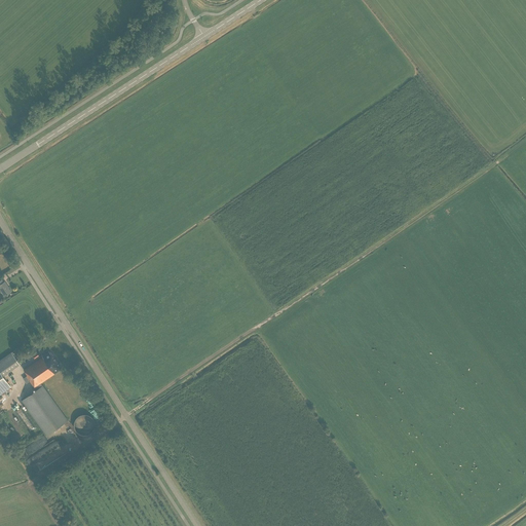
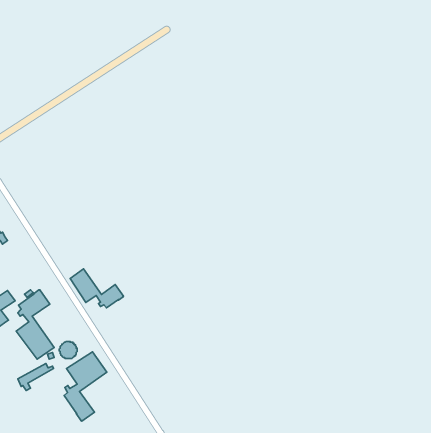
building: none -> [70,269,123,308]
building: none -> [64,352,107,421]

